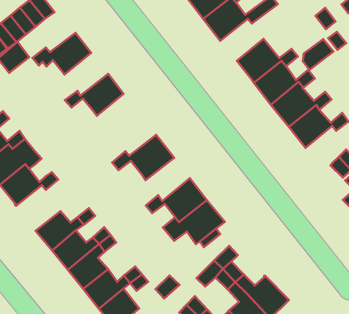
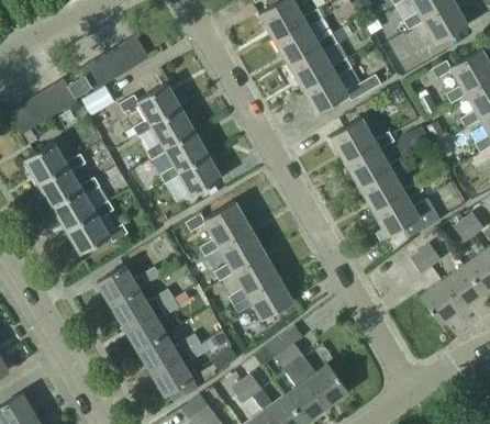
building: none -> [133,107,194,149]
building: none -> [160,154,222,197]
building: none -> [200,227,264,270]

